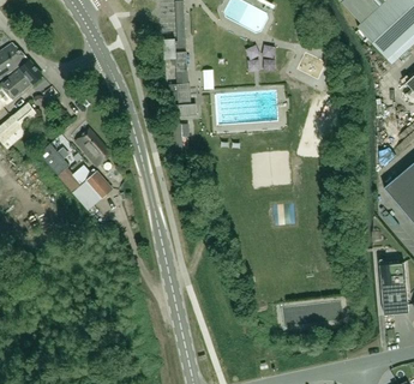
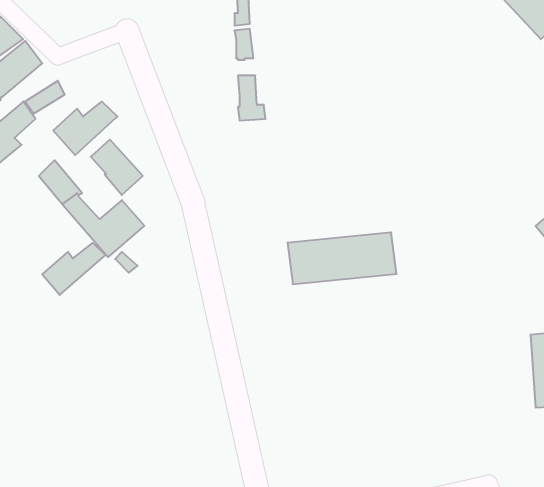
building: none -> [53,102,118,155]
building: none -> [42,243,105,295]
building: [274,298,349,334] -> [287,232,397,284]

